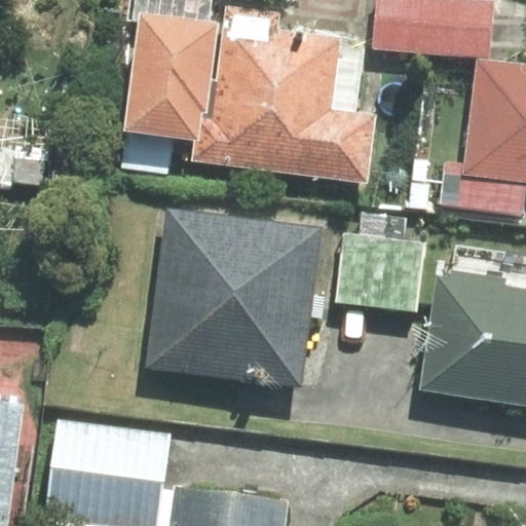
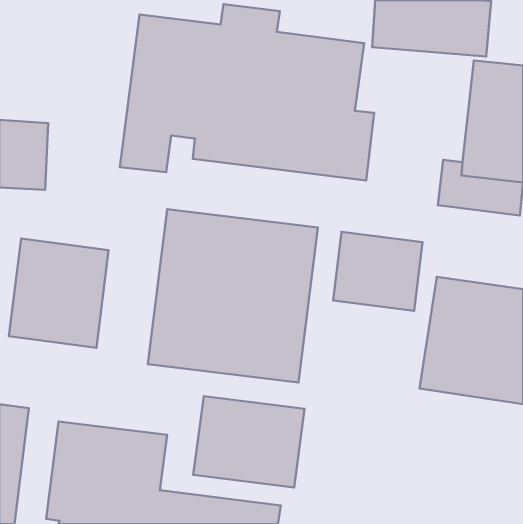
building: none -> [9,239,109,348]
building: none -> [193,396,305,487]

